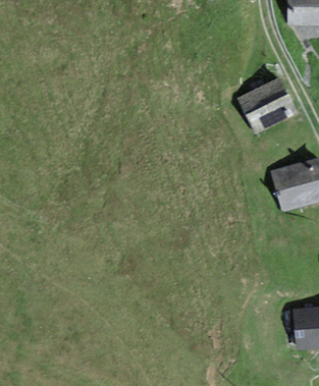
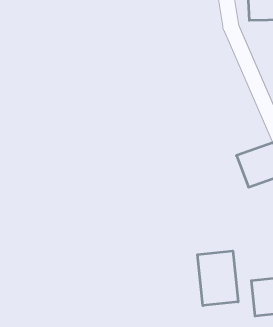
building: [238,77,295,129] -> none
building: none -> [198,251,238,306]

